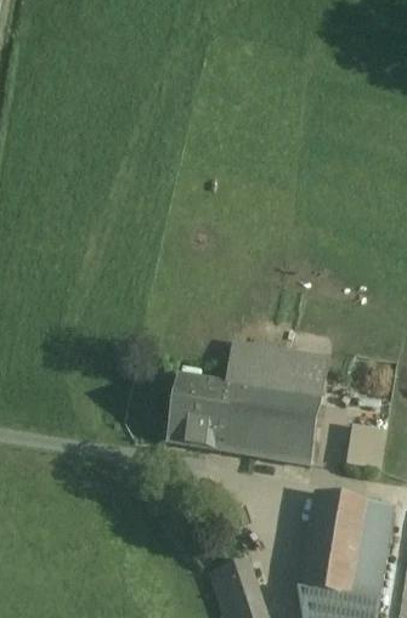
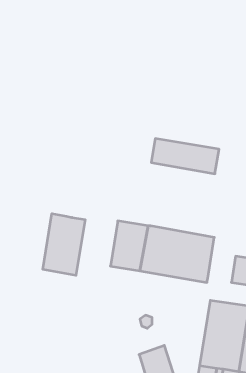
building: [226,345,327,397] -> [151,139,219,174]
building: none -> [43,214,85,275]

